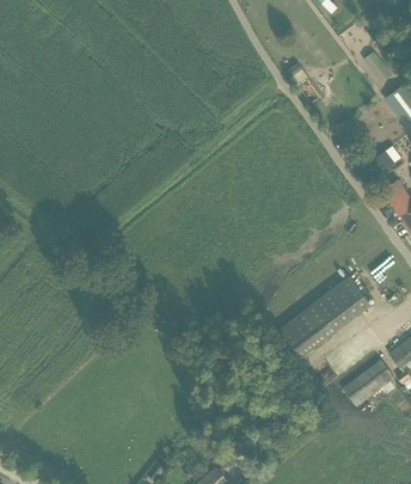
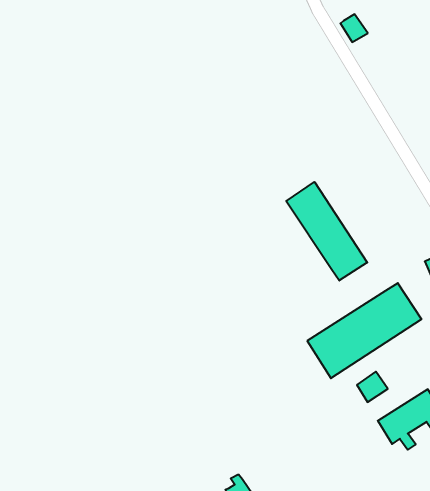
building: none -> [286,182,367,281]

